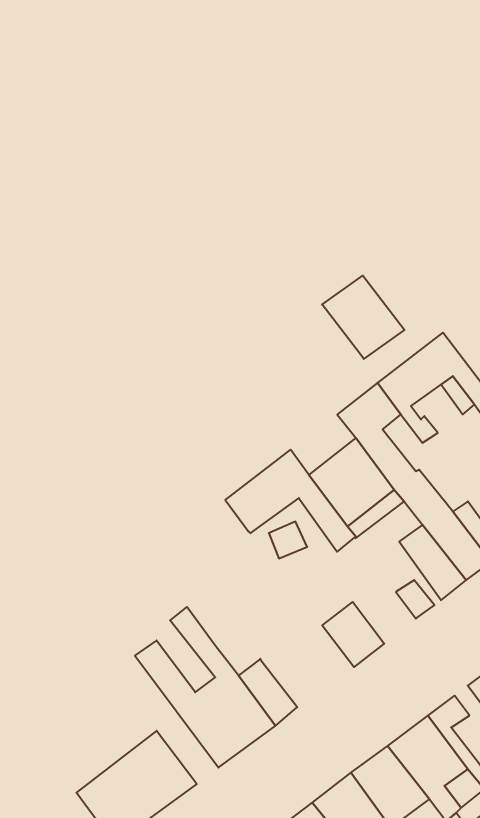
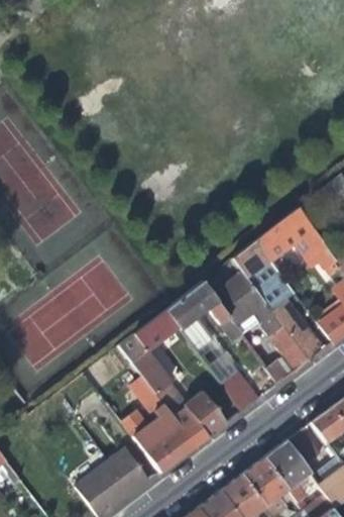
building: [322,276,404,359] -> none
building: none -> [119,311,179,399]
building: none -> [185,391,227,436]

